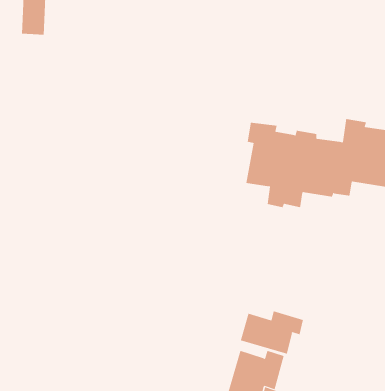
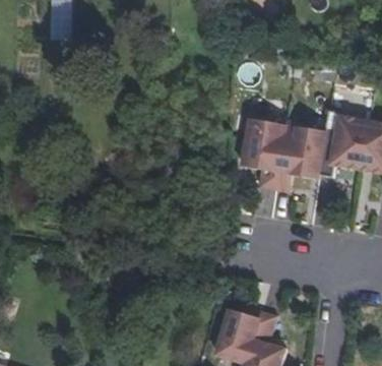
building: [240,310,304,354] -> none

